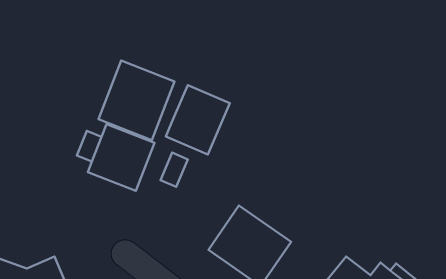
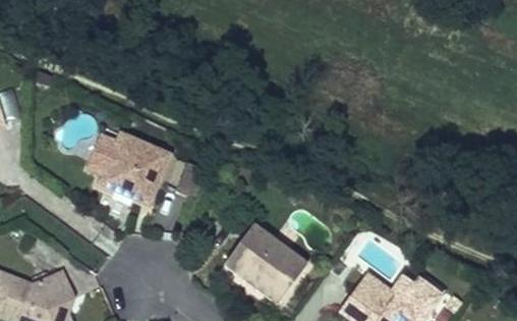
building: [98,61,174,140] -> none
building: [166,85,230,154] -> none

